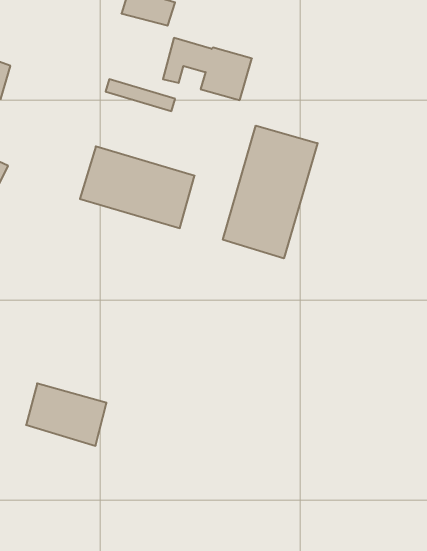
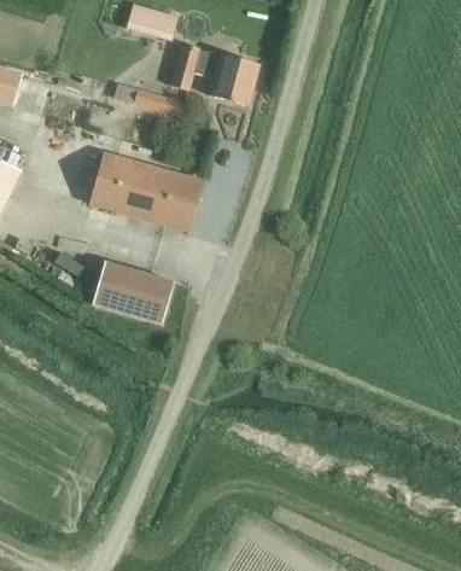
building: [223,126,318,258] -> none
building: [26,383,107,446] -> [91,261,170,322]

